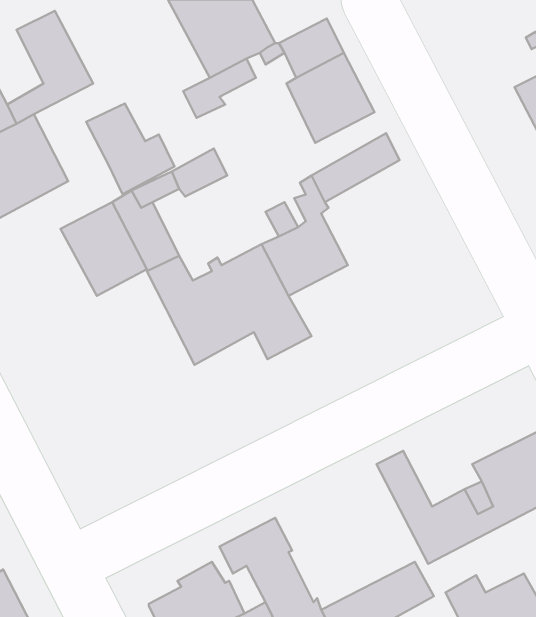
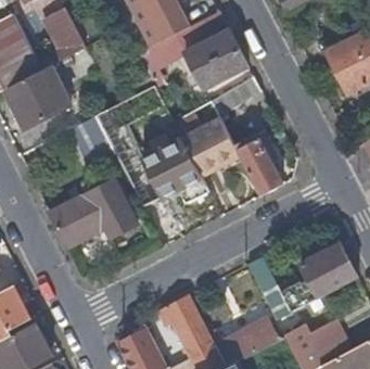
building: [86,103,174,194] -> none
building: none -> [233,132,282,195]
building: none -> [50,180,136,247]

